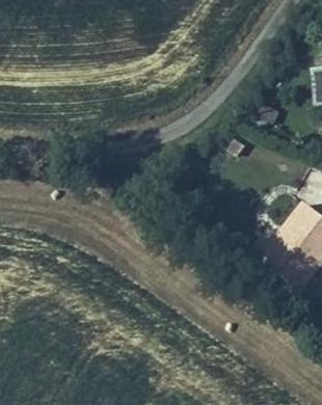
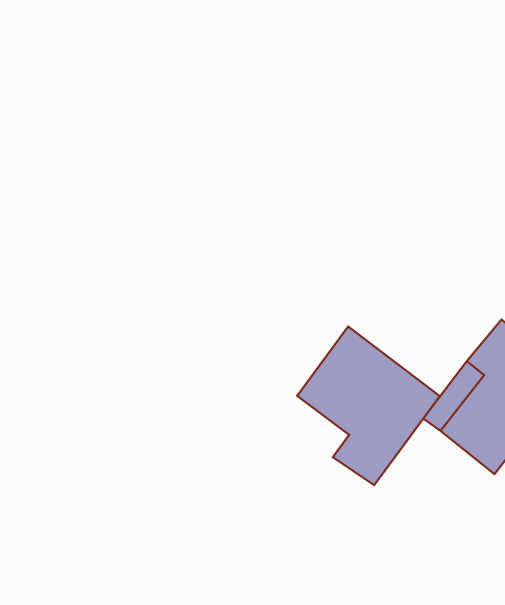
building: none -> [297,326,440,485]

